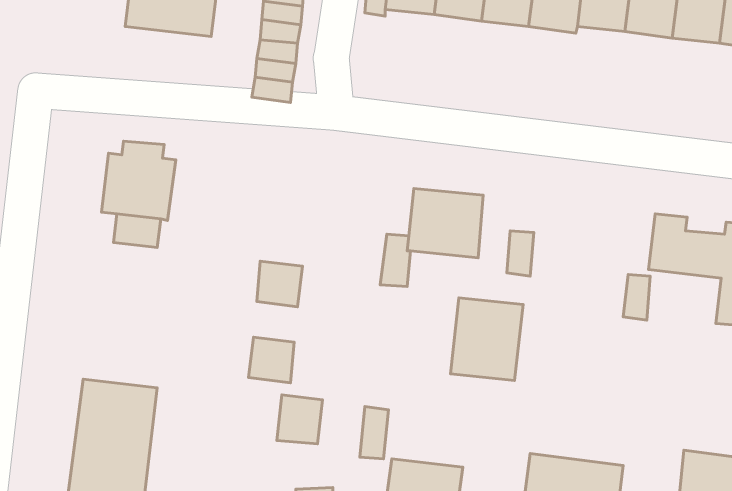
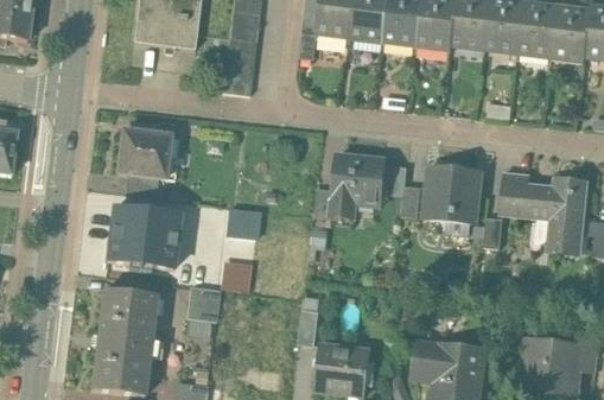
building: none -> [107,207,180,267]
building: [450,298,523,381] -> [427,166,478,224]
building: [277,395,322,444] -> [187,286,220,320]

